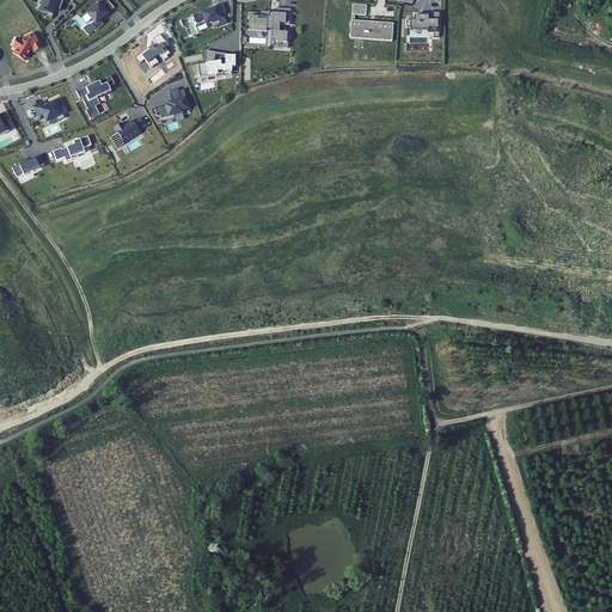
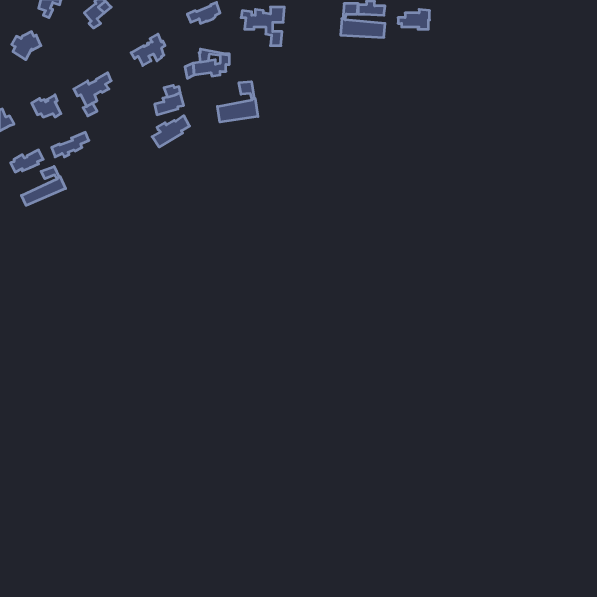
building: none -> [217,82,258,122]
building: [109,115,147,147] -> [152,116,190,147]
building: none -> [21,166,66,205]

